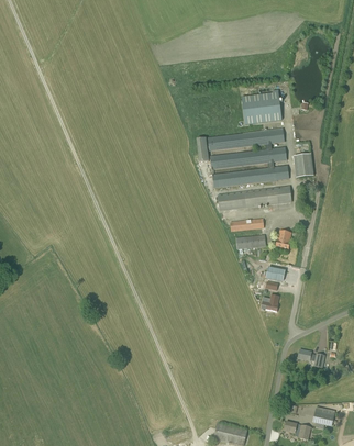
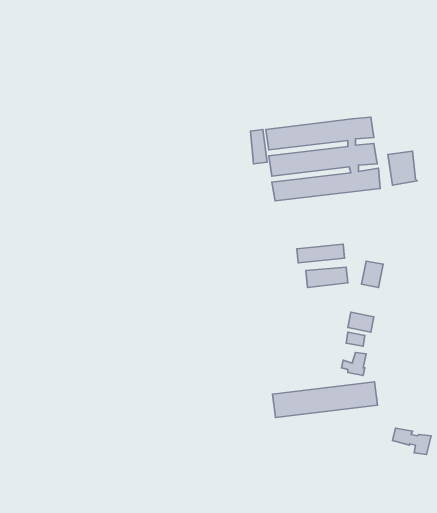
building: [242,89,281,124] -> none
building: [218,185,292,210] -> [273,382,378,417]

